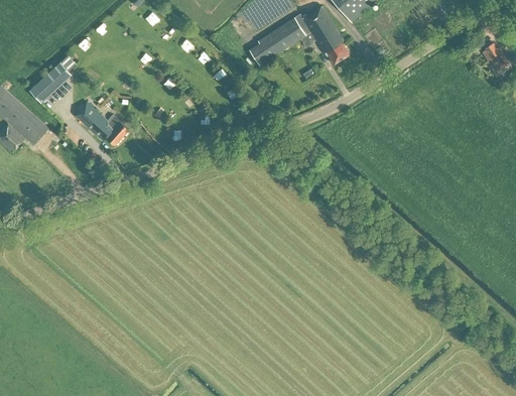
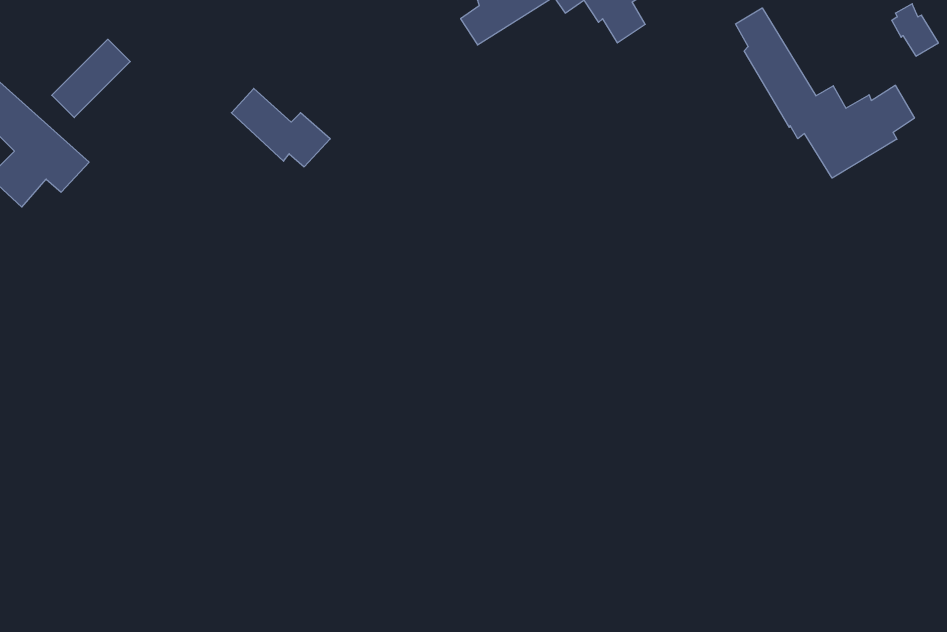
building: none -> [736,8,914,178]
building: [75,102,128,144] -> [231,88,330,167]

